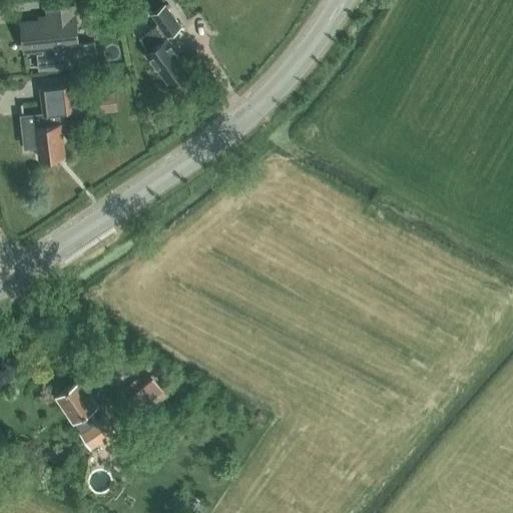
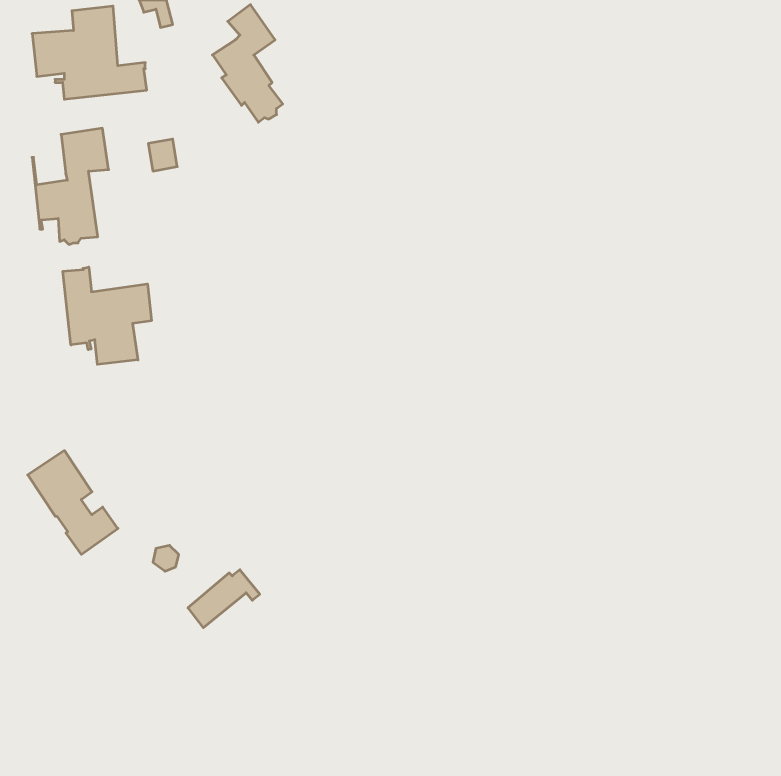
building: none -> [63,267,151,364]
building: [55,382,114,450] -> [28,451,118,554]

